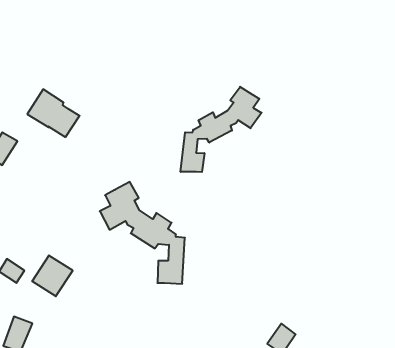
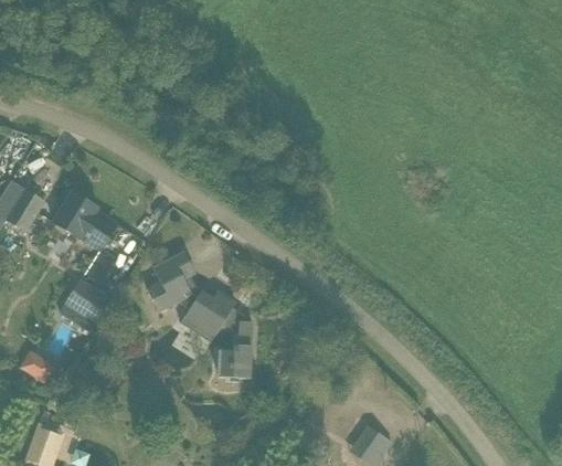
building: [181,87,262,172] -> none
building: [27,89,80,137] -> [52,191,117,251]
building: [32,255,73,296] -> [59,280,109,331]

